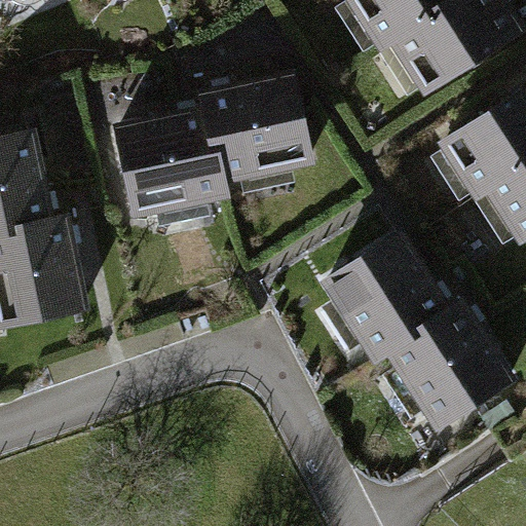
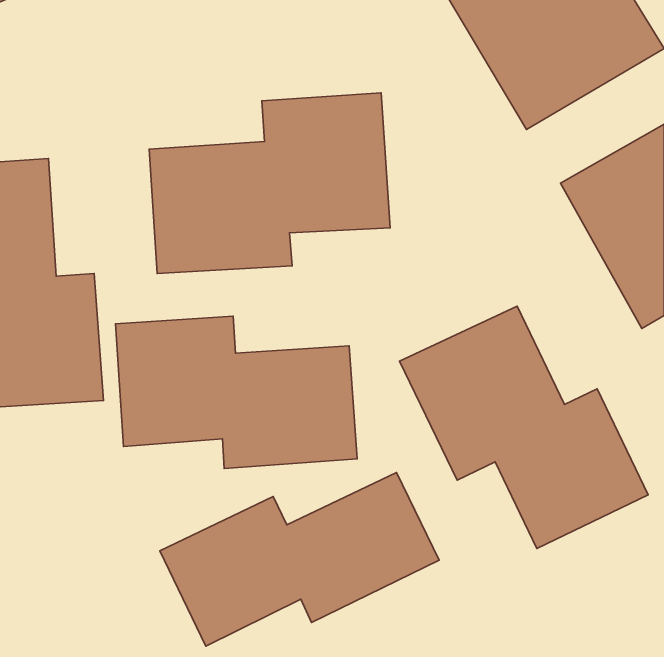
building: none -> [116,316,357,469]
building: none -> [160,472,439,646]

